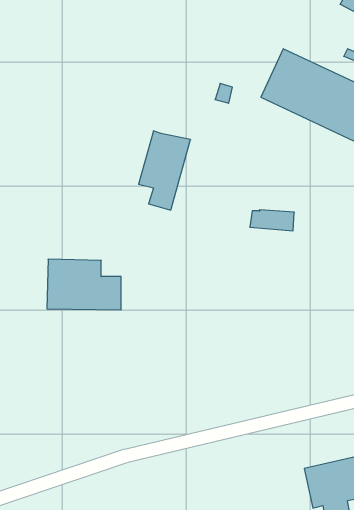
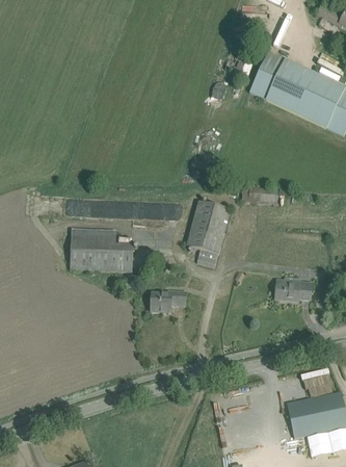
building: [139,131,191,210] -> [187,201,231,267]
building: none -> [275,277,313,301]
building: none -> [151,291,186,312]

